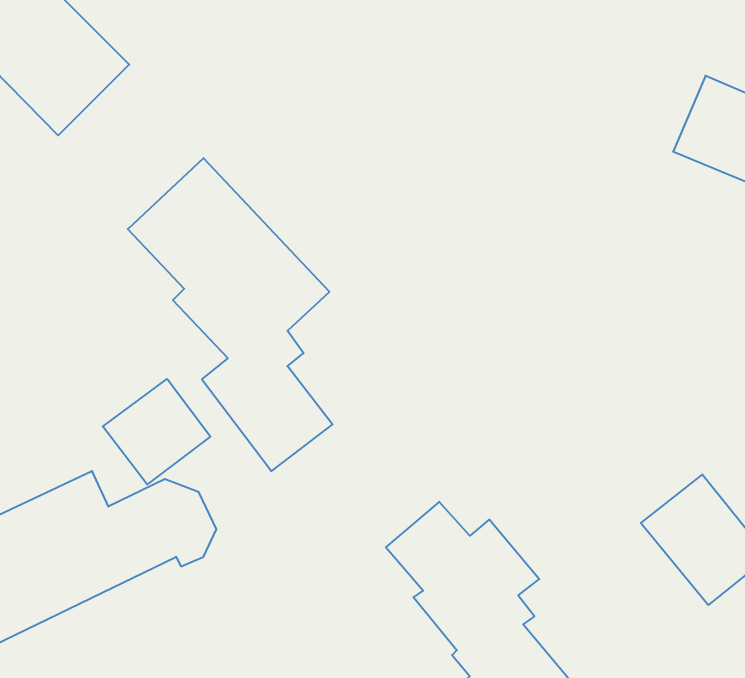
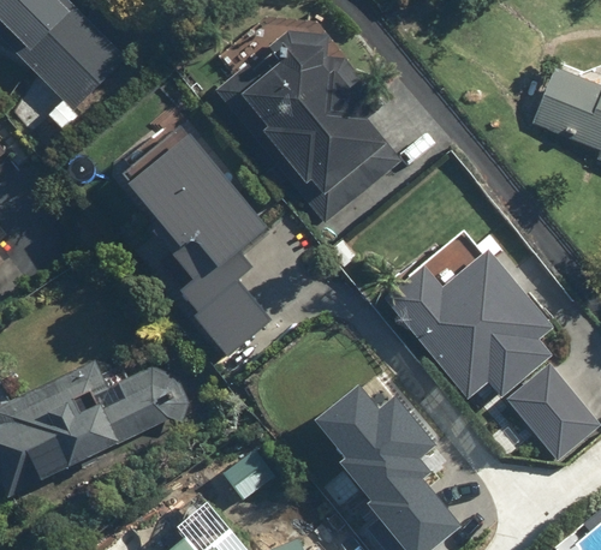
building: none -> [216,34,401,223]
building: none -> [385,247,555,400]
building: [103,379,210,484] -> none

